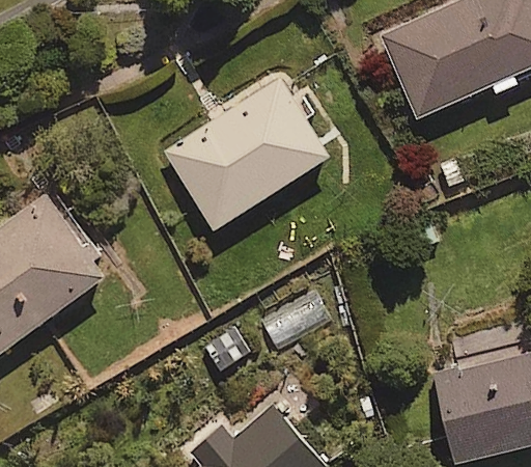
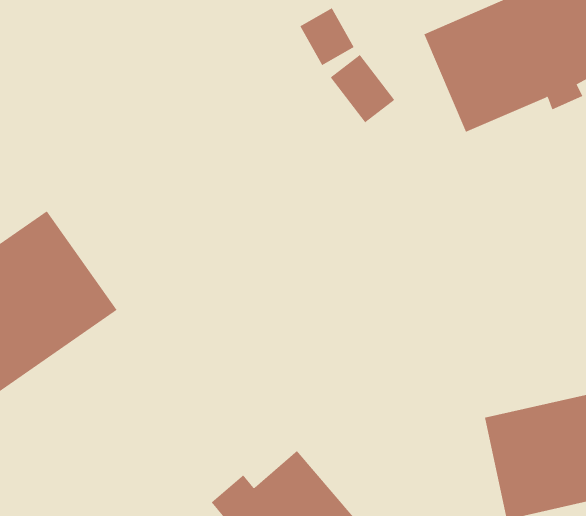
building: [162,75,331,231] -> none

